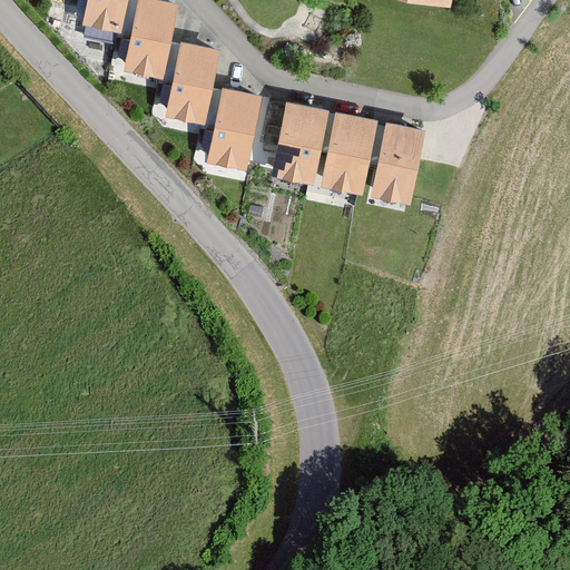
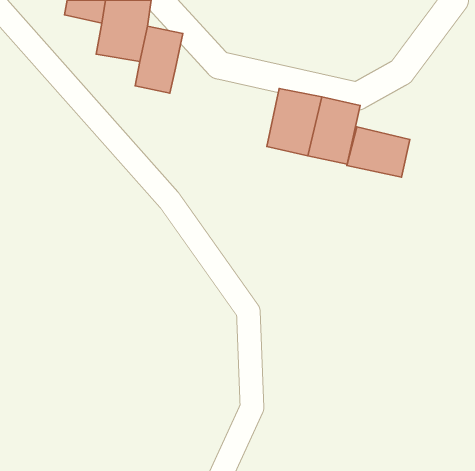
building: [194,88,263,169] -> none
building: [273,104,333,181] -> none
building: none -> [347,127,410,177]

